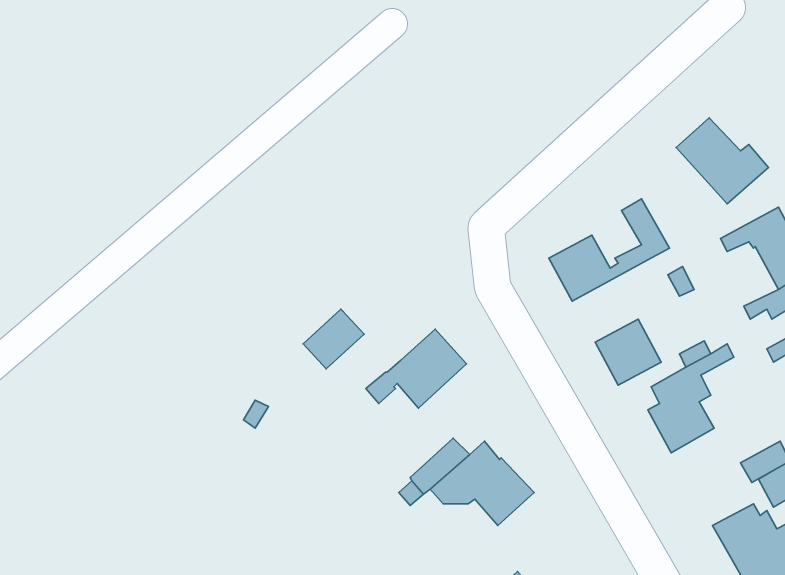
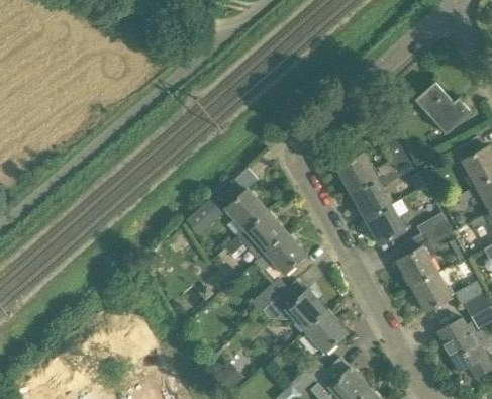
building: none -> [352,176,392,219]
building: none -> [218,182,268,230]
building: none -> [255,232,307,274]
building: none -> [412,272,453,312]
building: none -> [306,311,348,353]

